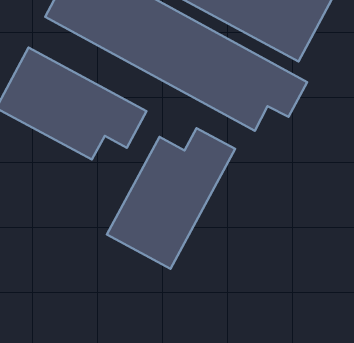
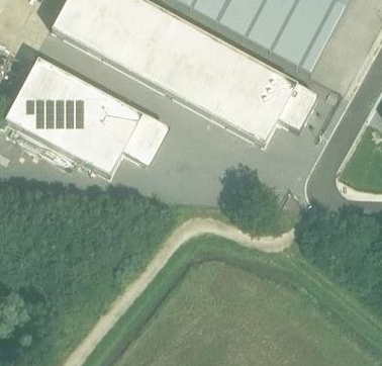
building: [107,128,235,269] -> none

